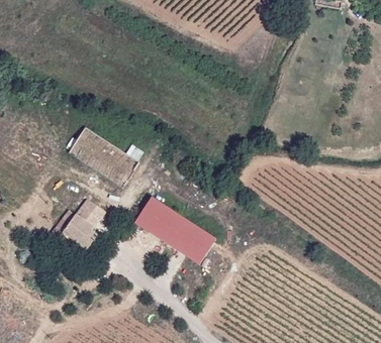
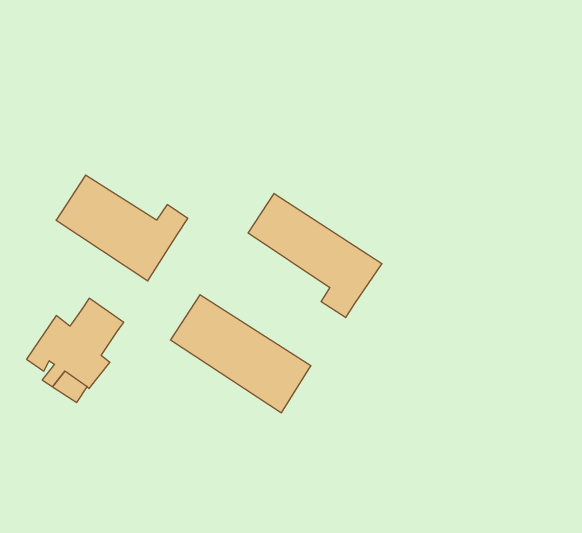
building: none -> [248,193,382,318]

